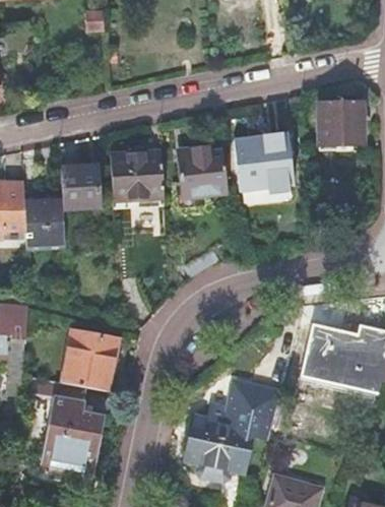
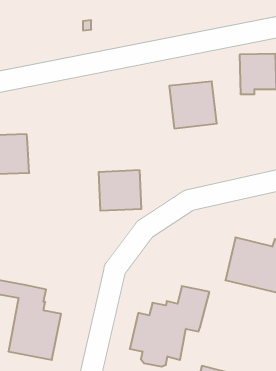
building: [177,146,228,198] -> none
building: [111,151,163,200] -> [99,170,141,211]
building: [60,166,99,209] -> none
building: [60,330,117,391] -> none

